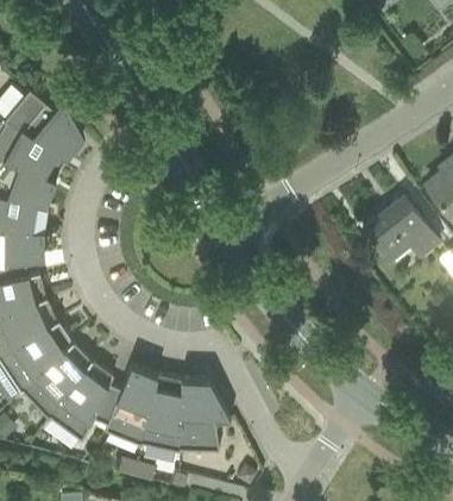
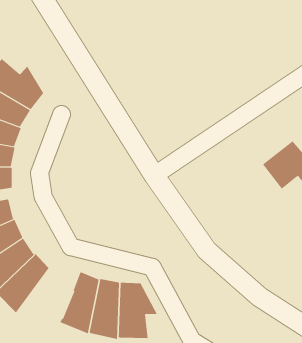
building: [49,359,122,440] -> none

